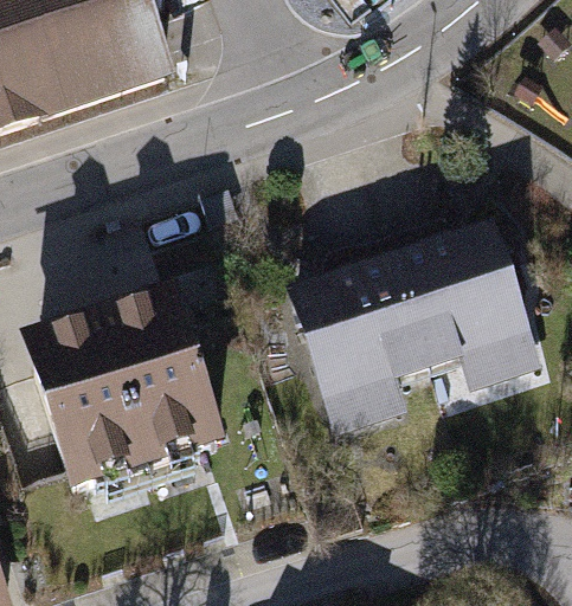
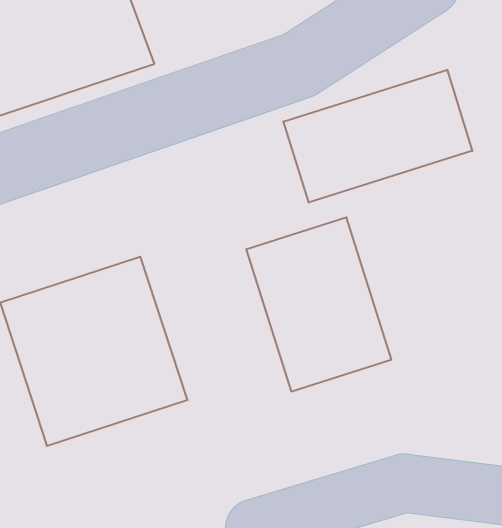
building: none -> [283,70,472,203]
building: [396,211,545,399] -> none

